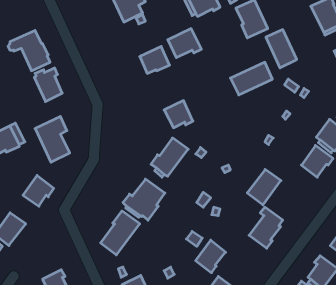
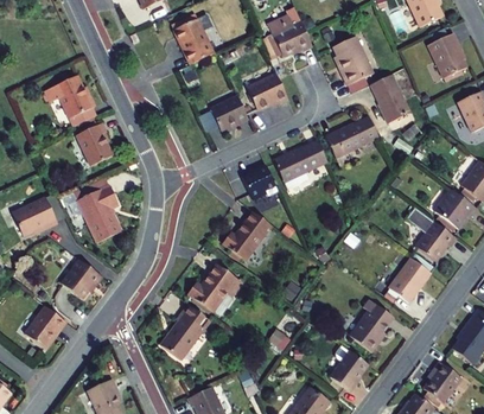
building: none -> [274,141,327,183]
building: [247,169,281,205] -> [388,259,431,304]
building: [196,240,226,273] -> [330,350,368,391]

